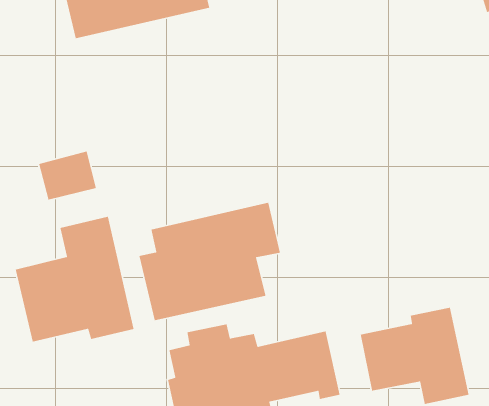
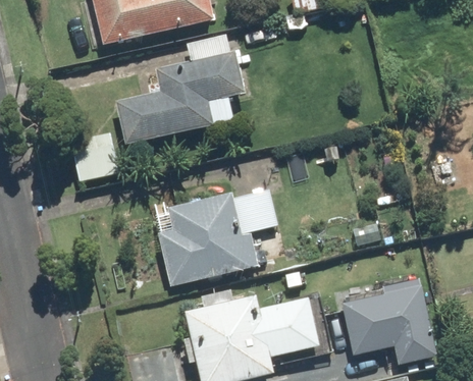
building: none -> [111,32,243,146]
building: [15,216,134,342] -> none

